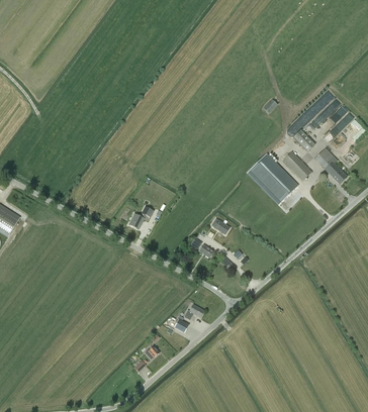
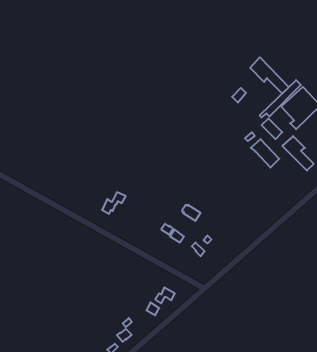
building: none -> [250,57,289,94]
building: [247,153,297,204] -> none

